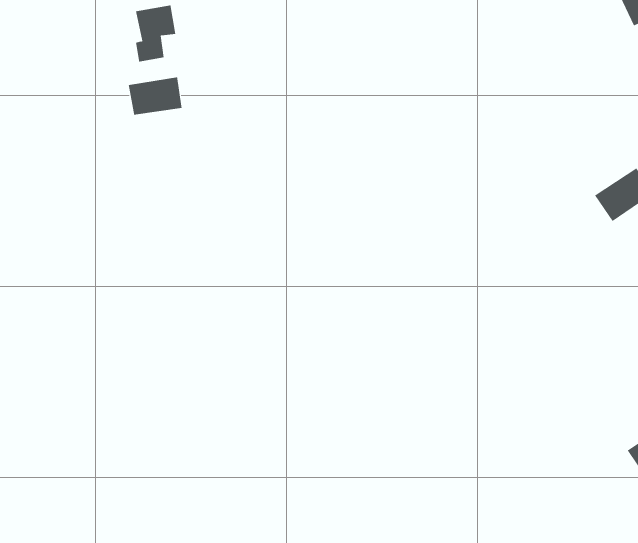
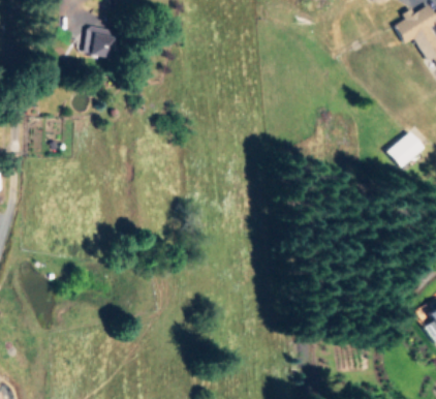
building: [128,76,182,115] -> none

